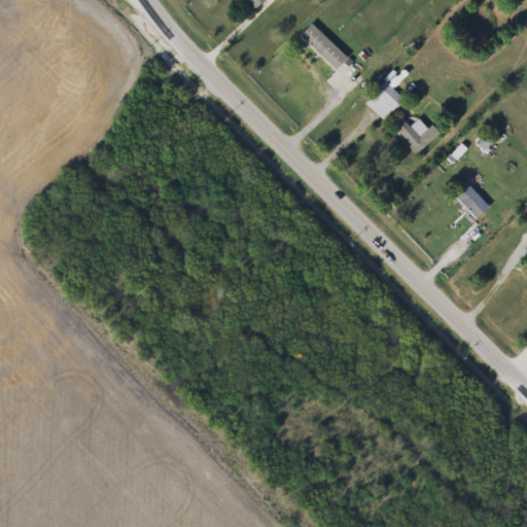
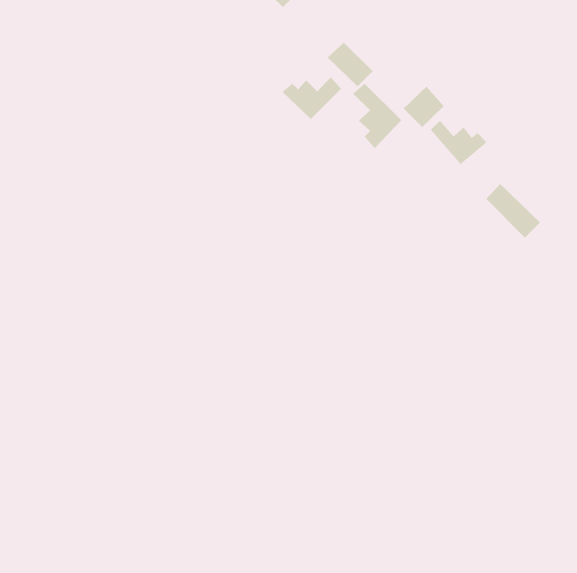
building: none -> [282,77,342,120]
building: none -> [352,83,402,149]

